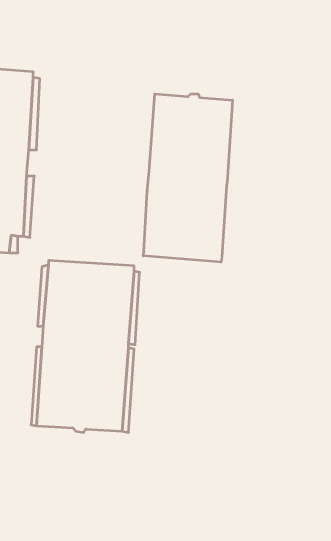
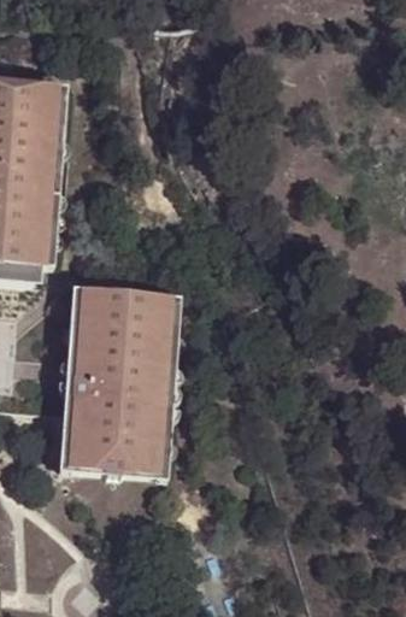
building: [143,94,232,262] -> none

